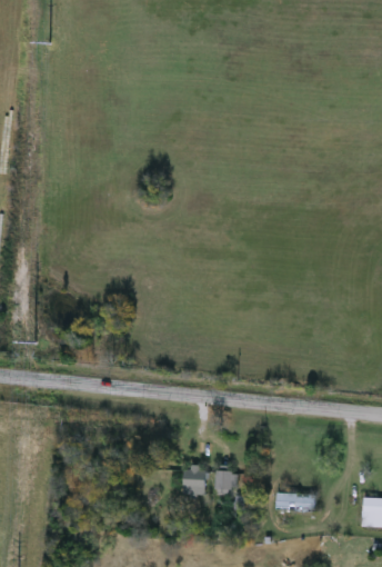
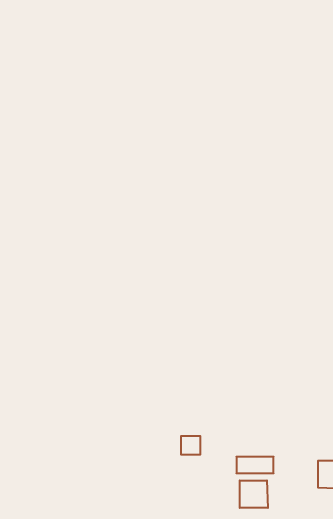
building: [182,469,204,495] -> none
building: none -> [240,480,268,508]

